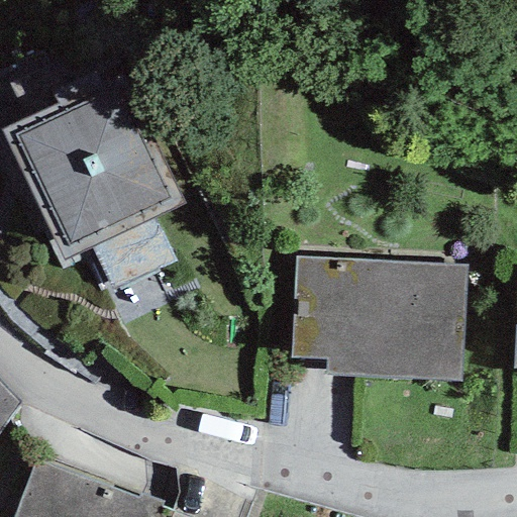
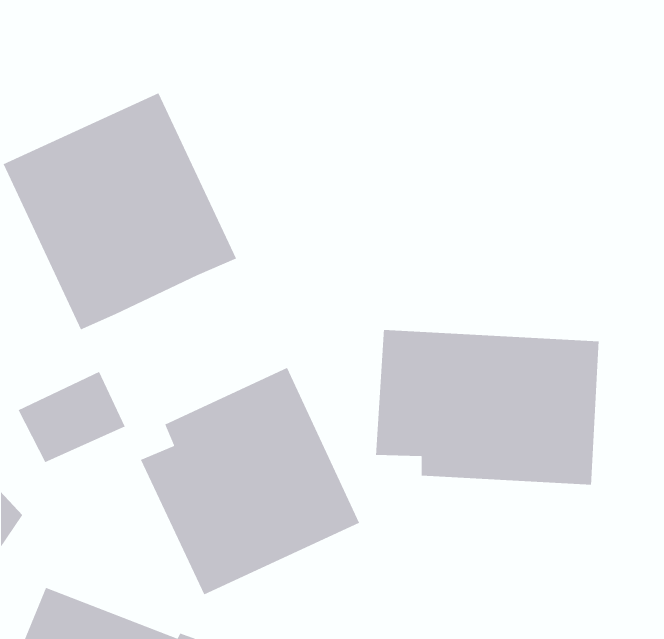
building: [91,217,175,289] -> [18,371,126,463]
building: none -> [140,367,360,596]

